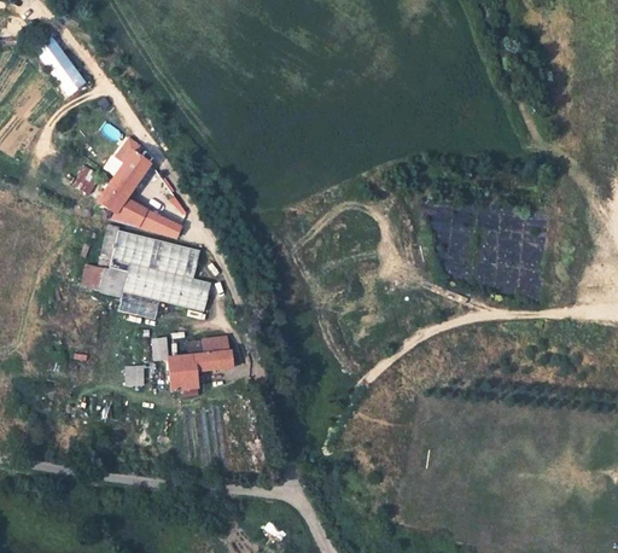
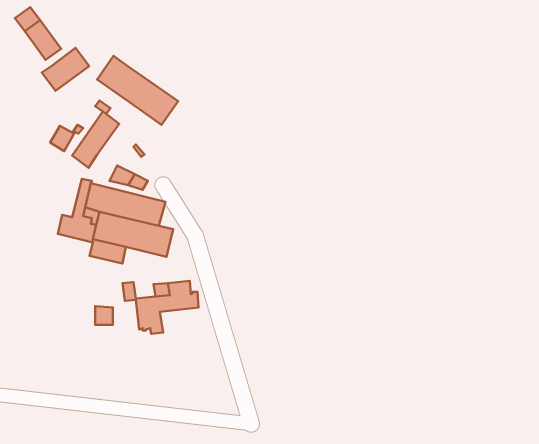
building: none -> [42,48,89,91]
building: none -> [97,56,178,125]
building: [112,198,148,227] -> none

